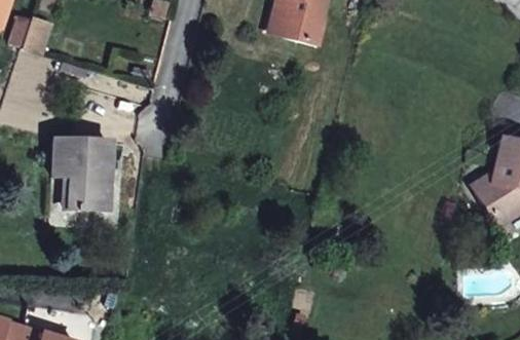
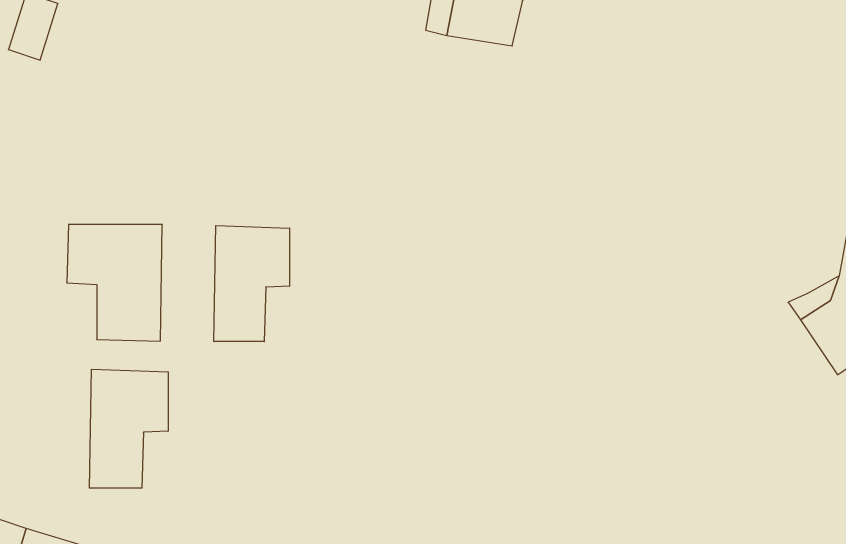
building: none -> [214,226,290,342]
building: none -> [90,369,168,488]

